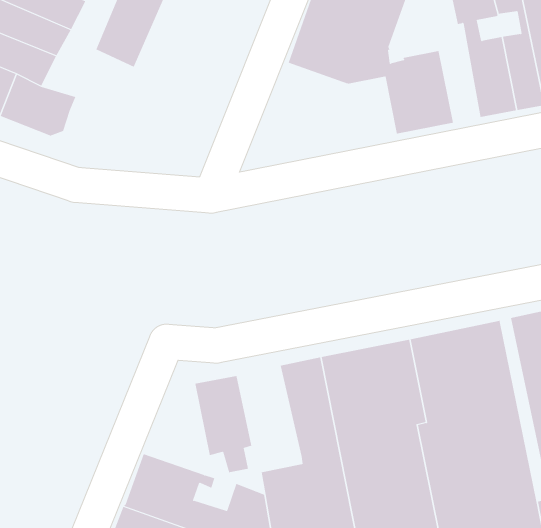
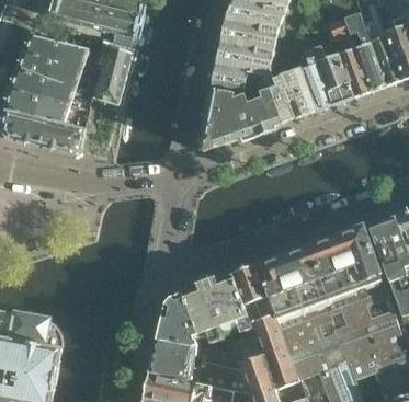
building: none -> [294,48,332,110]
building: none -> [200,88,283,149]
building: none -> [207,273,253,332]
building: none -> [157,291,197,346]

